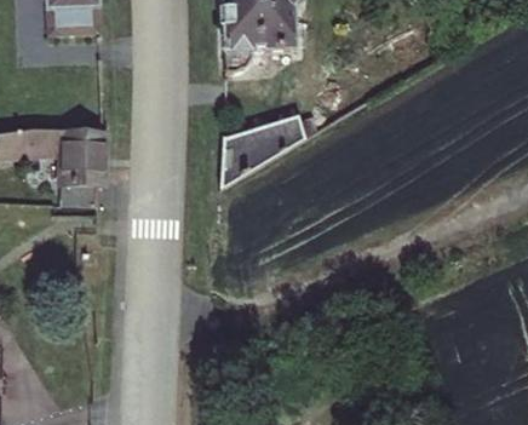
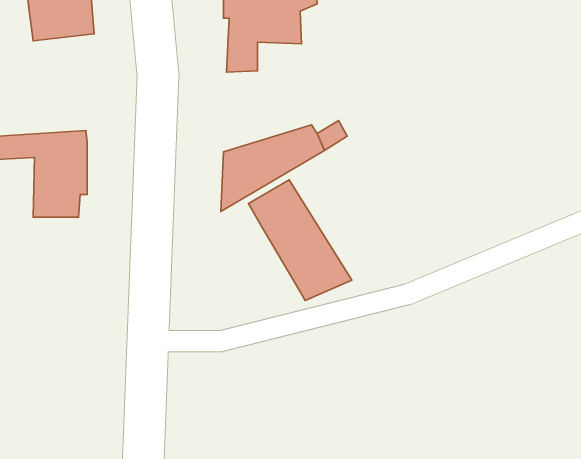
building: none -> [249,180,352,300]

